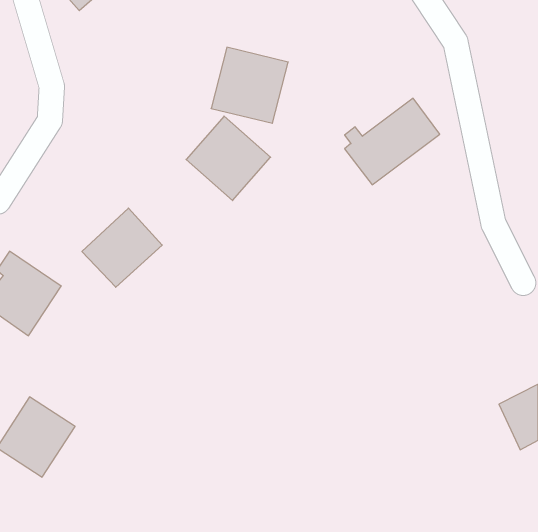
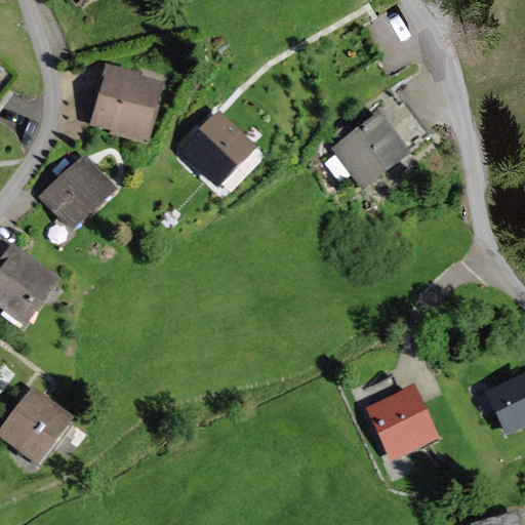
building: [211,47,288,123] -> [91,69,166,143]
building: [82,208,162,287] -> [37,155,115,232]
building: none -> [365,386,437,458]

